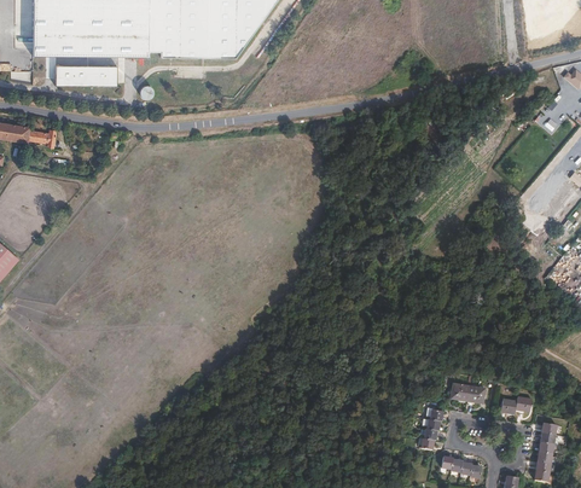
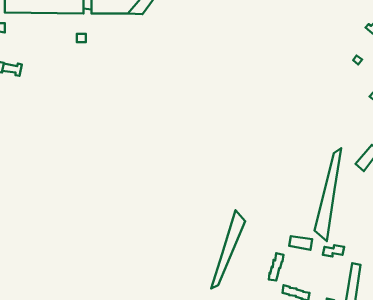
building: [54,64,116,86] -> none
building: none -> [314,148,341,241]
building: none -> [211,210,245,288]

